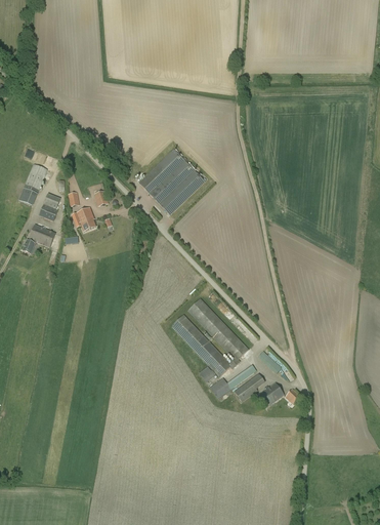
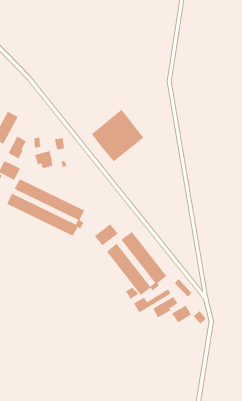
building: none -> [6,179,85,237]
building: none -> [94,224,118,246]

